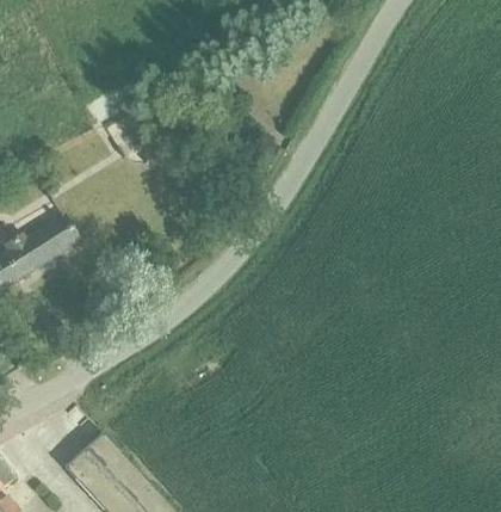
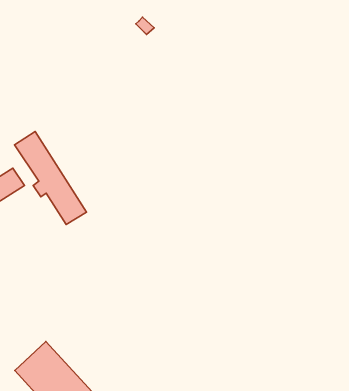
building: none -> [15,132,86,224]

